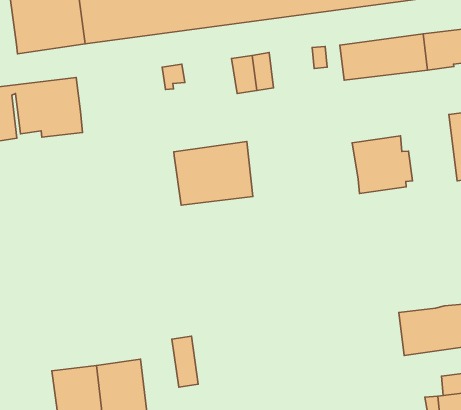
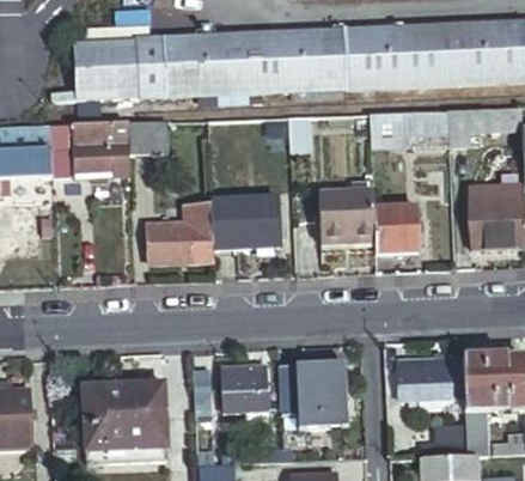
building: none -> [128,121,169,154]
building: none -> [319,187,376,242]
building: none -> [148,202,213,262]
building: none -> [297,366,346,430]
building: none -> [221,365,268,424]

